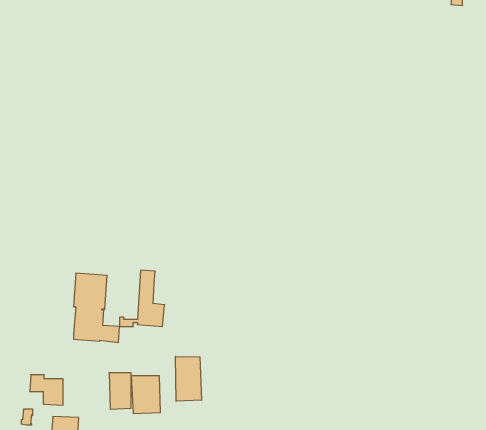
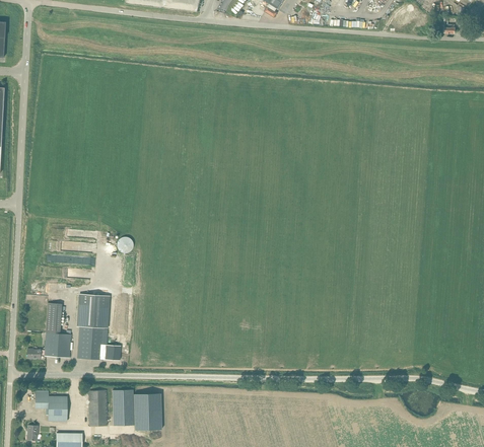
building: [120,270,165,327] -> [27,302,71,357]
building: [176,356,201,401] -> none
building: none -> [88,389,108,426]

